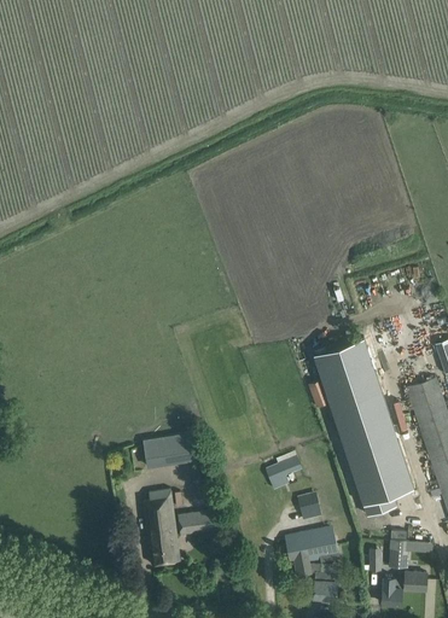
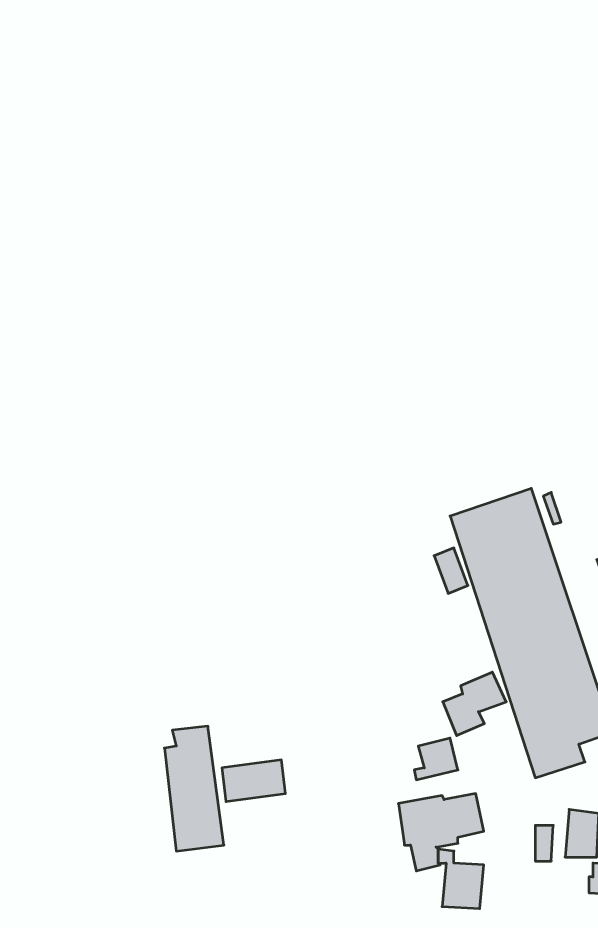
building: [141,432,196,465] -> none
building: [263,450,302,489] -> [443,672,506,736]
building: [380,570,401,605] -> none

